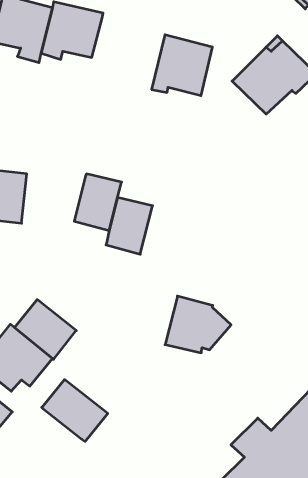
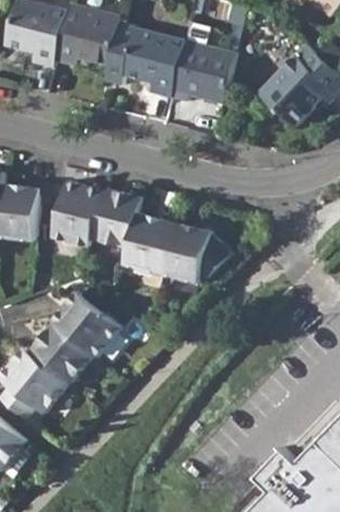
building: none -> [104,22,186,97]
building: none -> [50,179,102,245]
building: [165,296,231,353] -> [160,221,230,281]
building: [42,380,108,441] -> [49,290,119,356]

